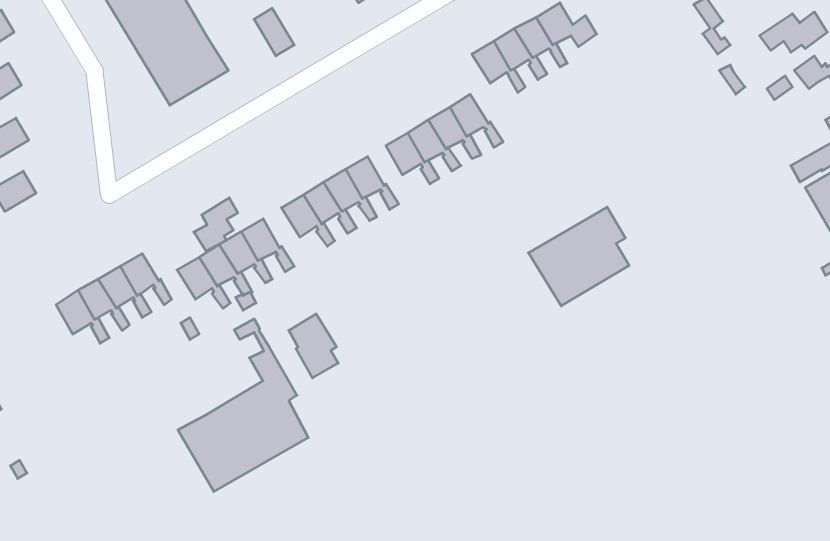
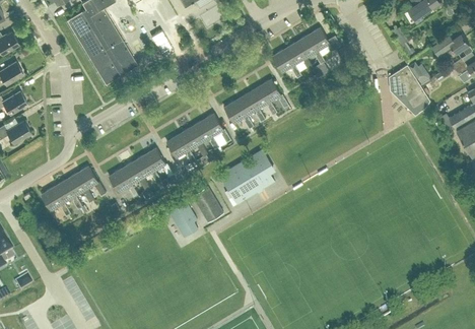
building: none -> [390,65,430,114]
building: [194,198,238,251] -> none
building: [528,207,629,306] -> [219,148,275,203]
building: none -> [193,186,223,221]
building: [178,319,308,492] -> none

